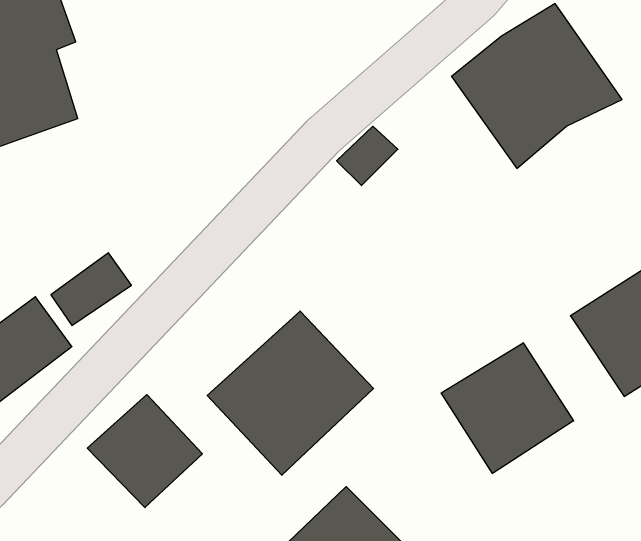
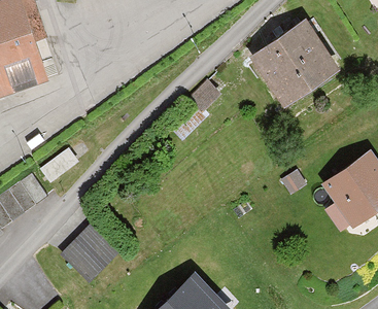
building: [207,311,374,475] -> none
building: [441,343,574,473] -> none

